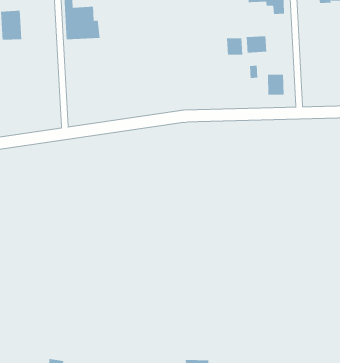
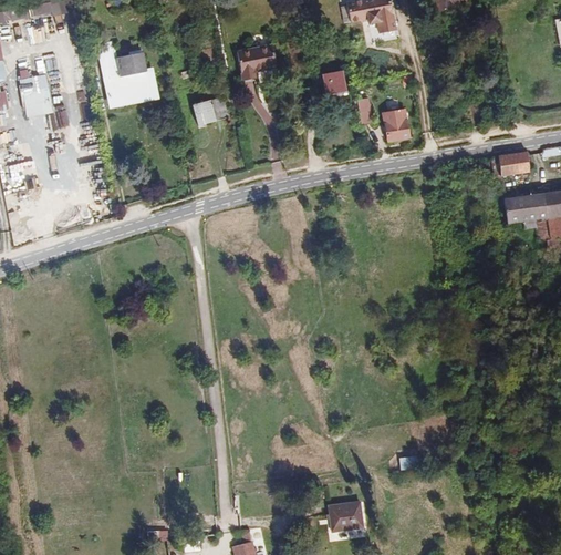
building: none -> [237,44,277,79]
building: [246,35,267,54] -> none
building: none -> [193,96,229,125]

